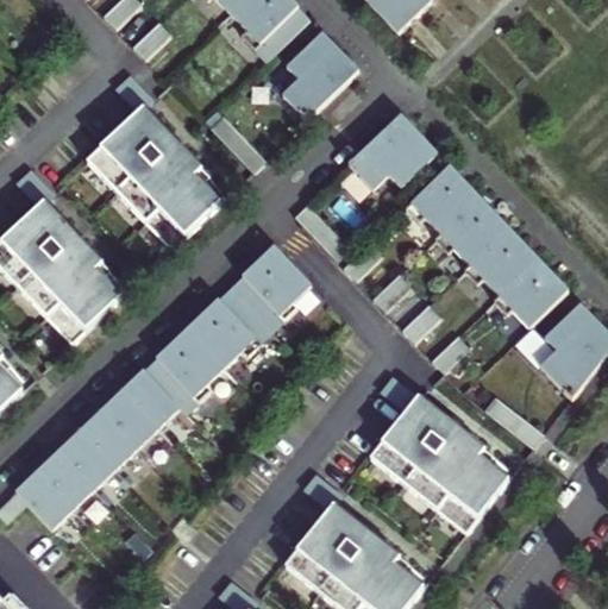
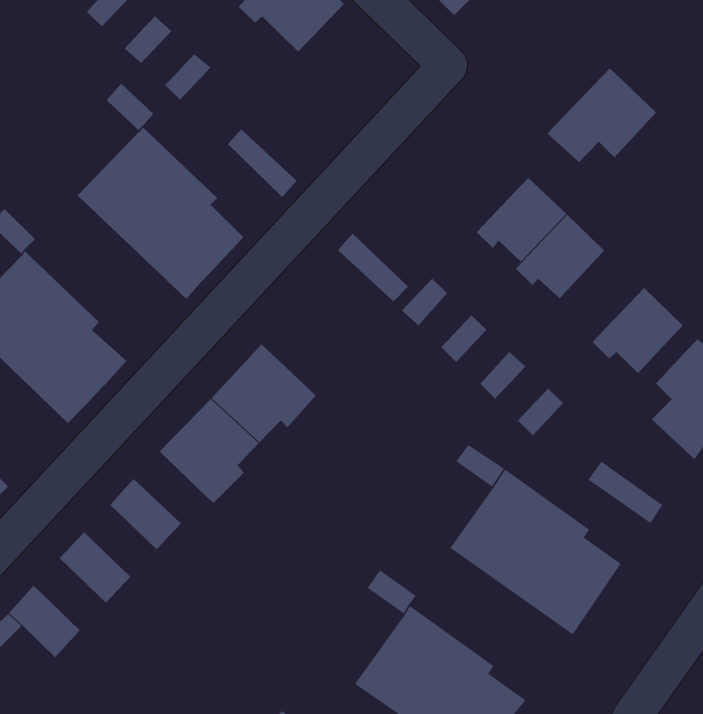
building: [282,32,358,120] -> none
building: [347,114,437,189] -> [546,67,657,163]
building: [464,227,538,295] -> none
building: [230,245,311,331] -> none
building: [121,369,178,427] -> none
building: [80,409,137,467] -> none
building: [37,450,94,508] -> none

